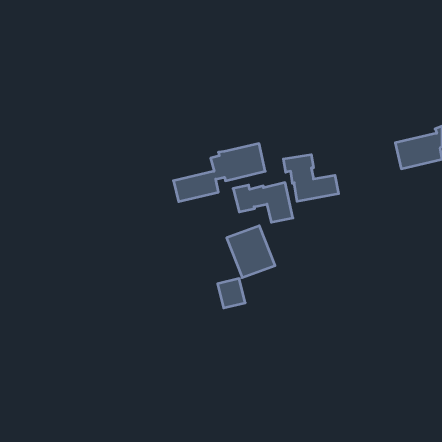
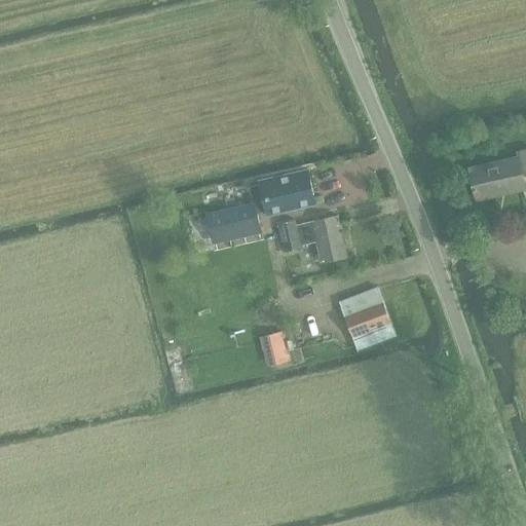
building: [283,155,339,201] -> none
building: [227,226,275,278] -> [338,288,396,349]

